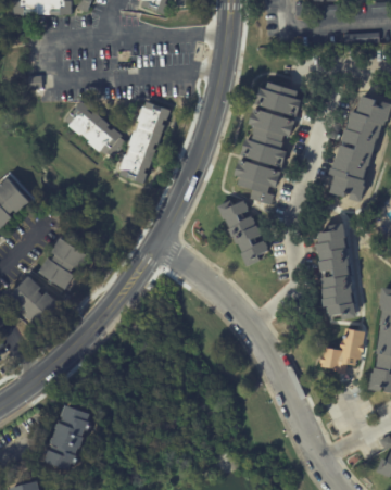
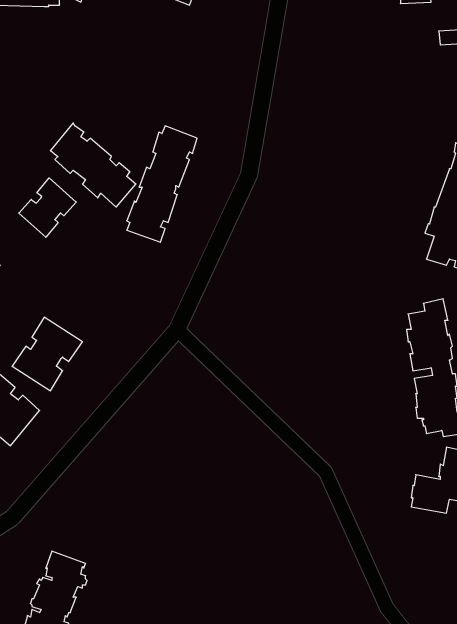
building: [236,83,302,205] -> none
building: none -> [19,178,76,237]
building: [216,199,267,267] -> none

